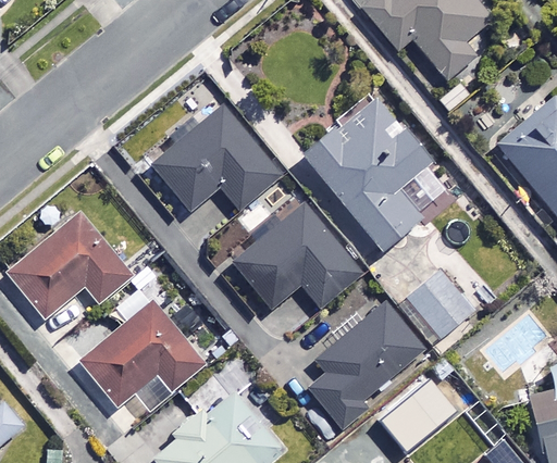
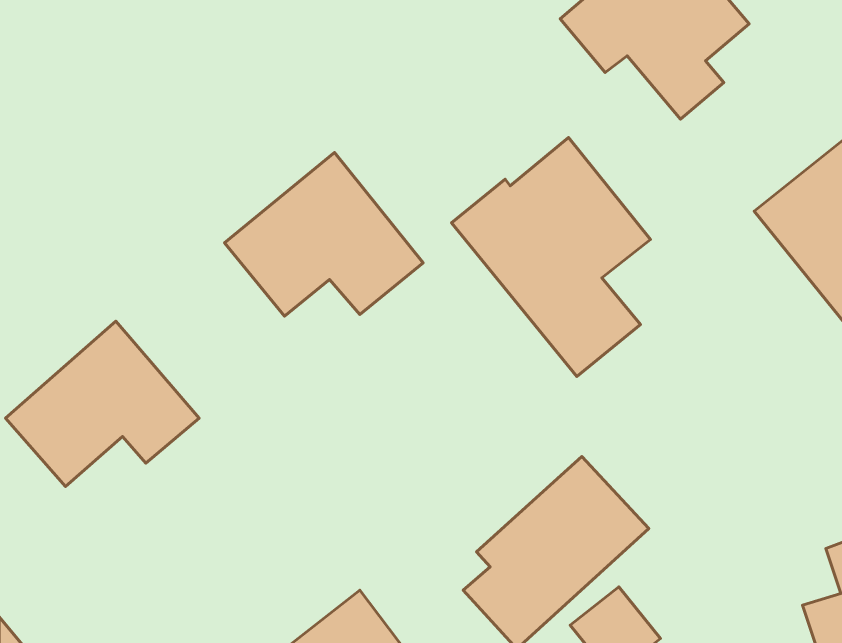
building: [233,204,363,310] -> none
building: [401,270,476,345] -> none
building: [81,300,202,406] -> none

